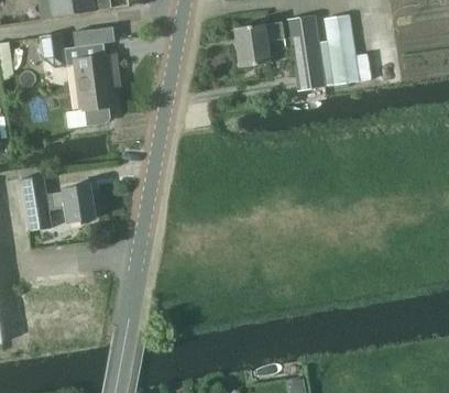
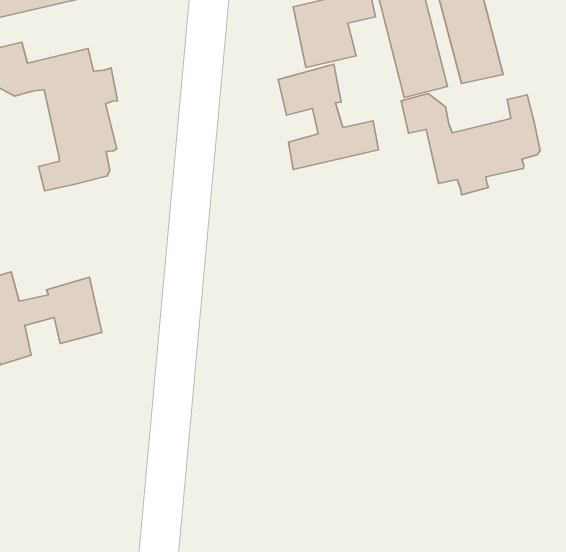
building: none -> [278,64,378,170]
building: none -> [401,94,540,195]

